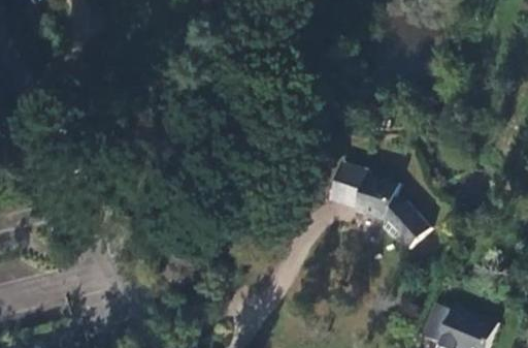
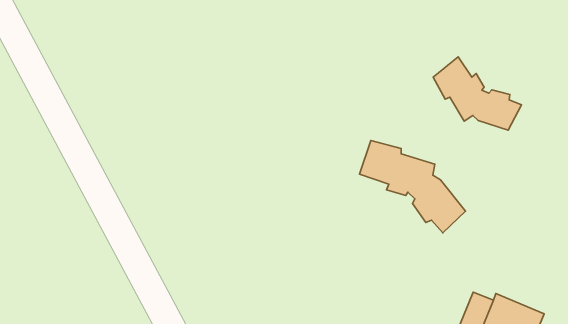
building: none -> [433,57,521,130]

